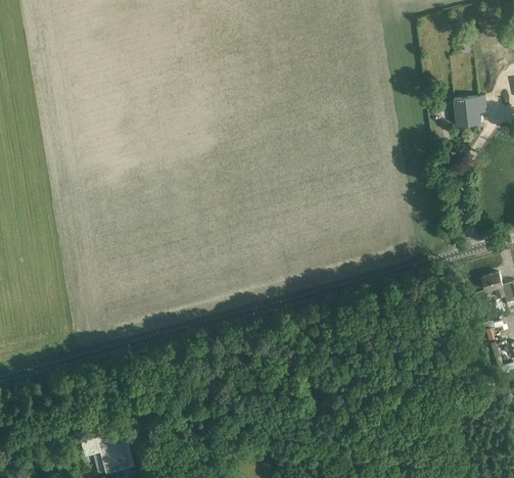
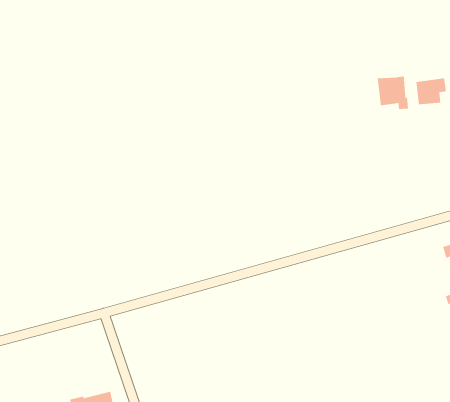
building: none -> [377,76,409,110]

